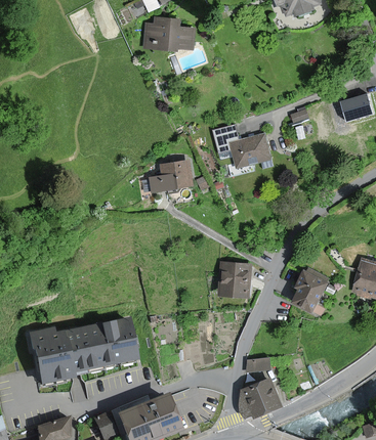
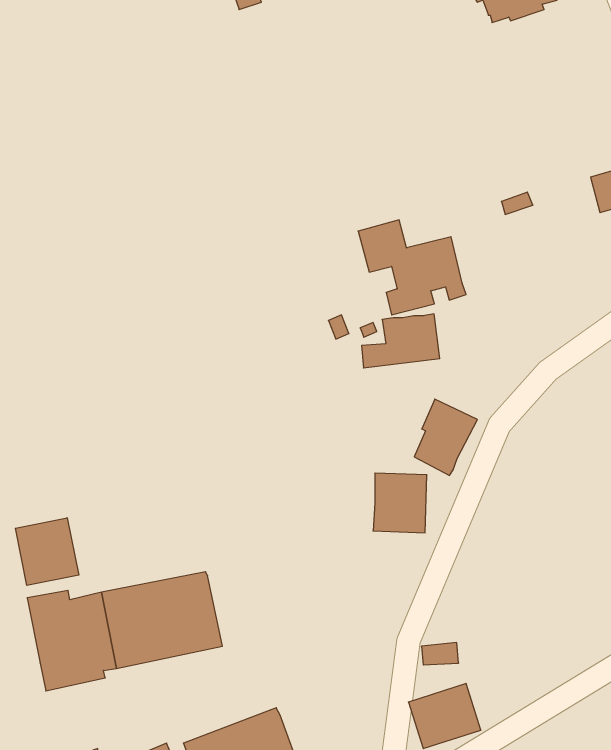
building: [143,17,194,51] -> none
building: [149,163,192,192] -> [362,314,440,368]
building: [290,272,325,314] -> [414,399,477,475]
building: none -> [15,518,79,585]

